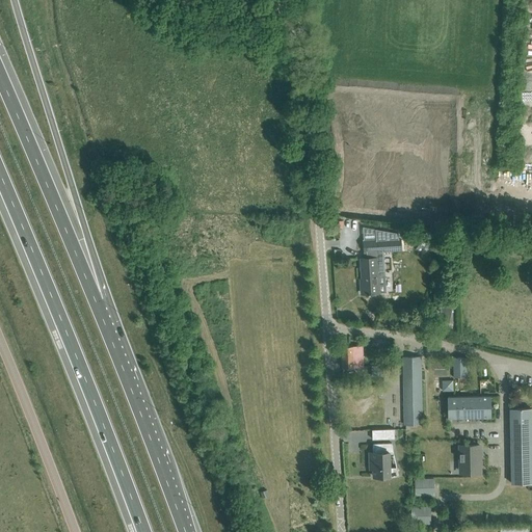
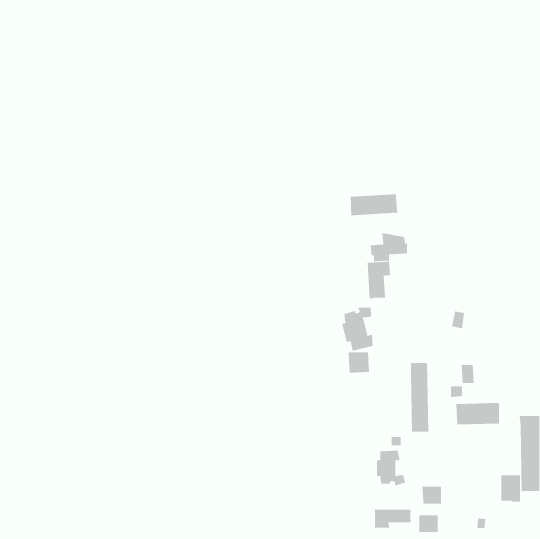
building: none -> [350,193,398,216]
building: none -> [341,307,373,351]
building: [460,446,480,473] -> [501,475,521,502]
building: none -> [374,509,412,528]

